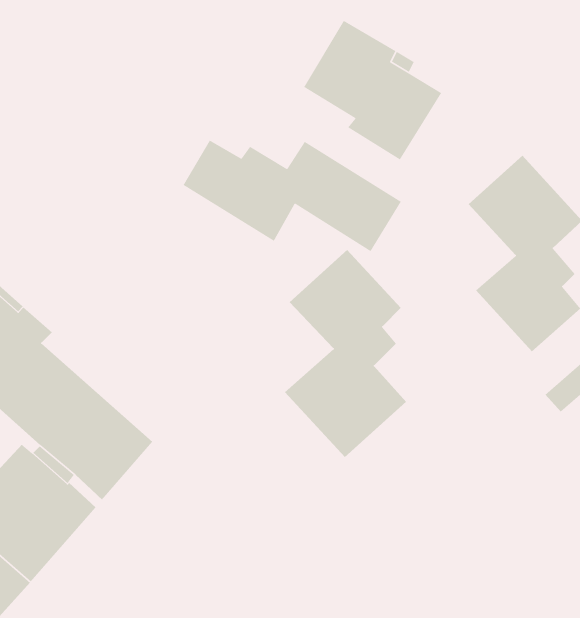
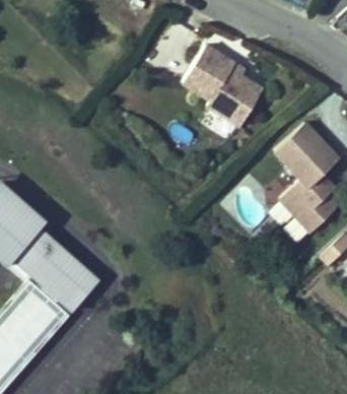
building: [182,139,402,252] -> none
building: [284,249,407,458] -> none

